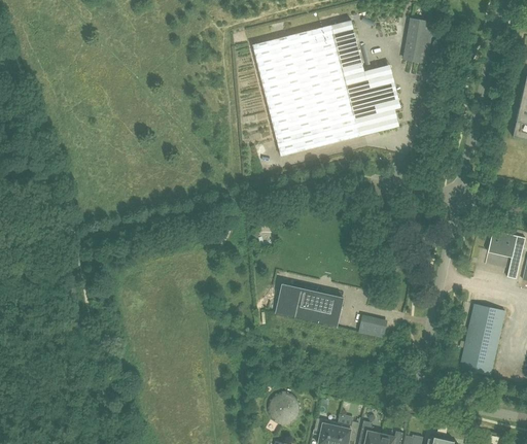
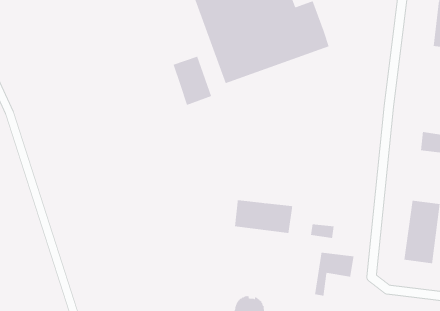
building: none -> [172,56,212,106]
building: none -> [315,252,354,296]

